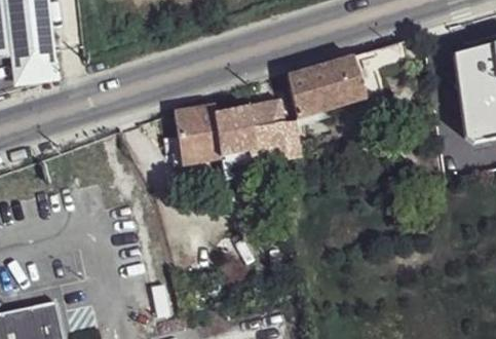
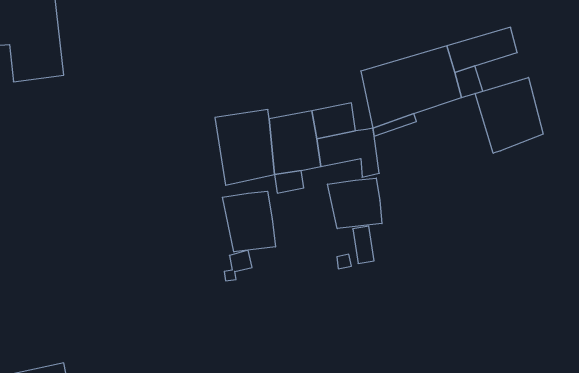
building: none -> [475,77,543,153]
building: none -> [328,178,382,229]
building: none -> [222,191,275,252]

